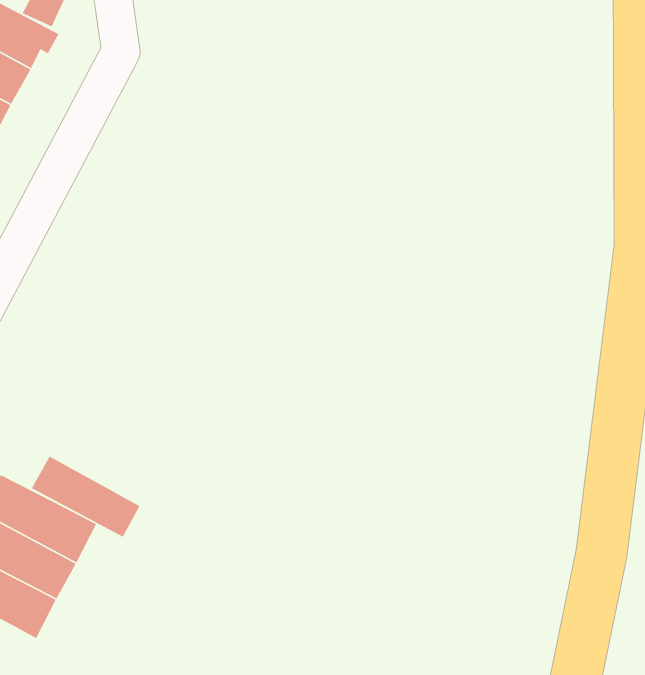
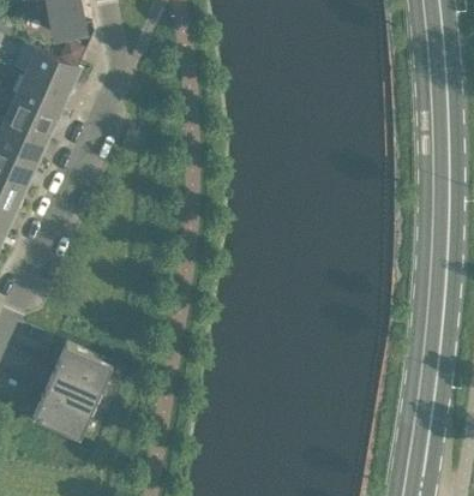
building: [31,456,140,538] -> none

